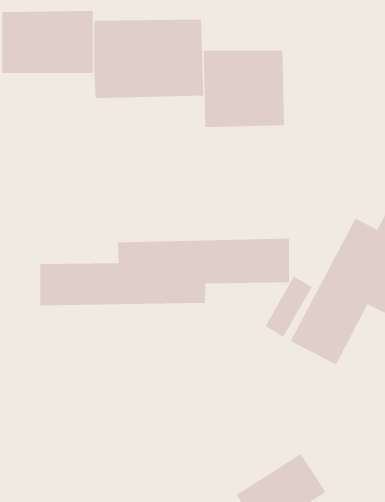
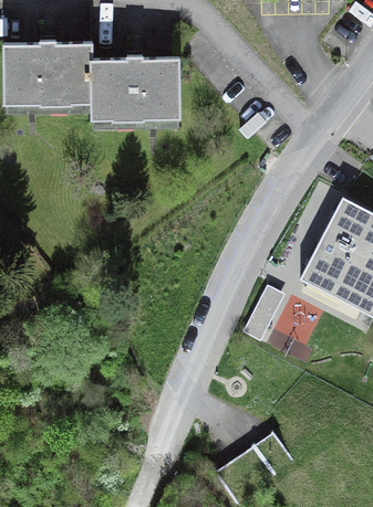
building: [203,50,285,128] -> none
building: [40,238,290,306] -> none

